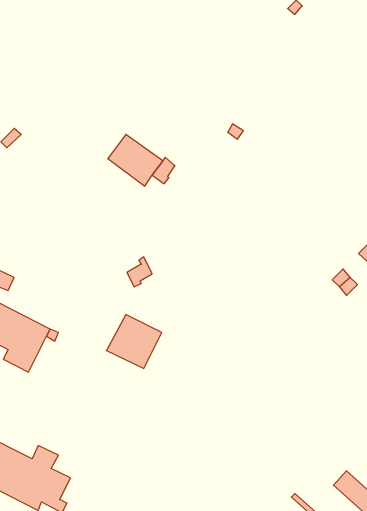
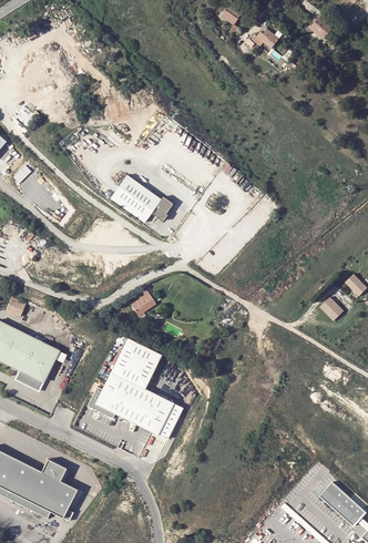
building: none -> [88,371,183,439]

